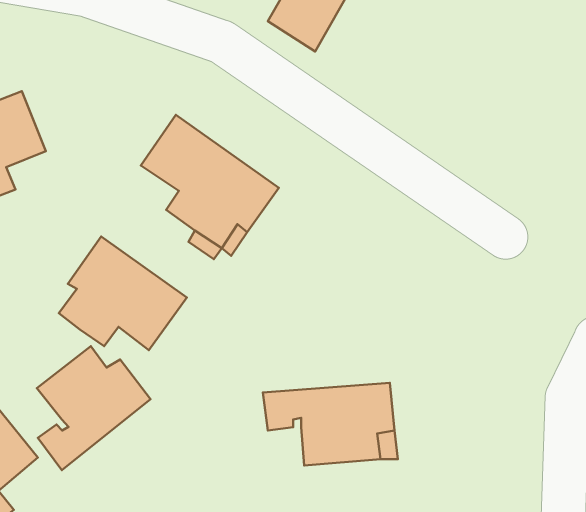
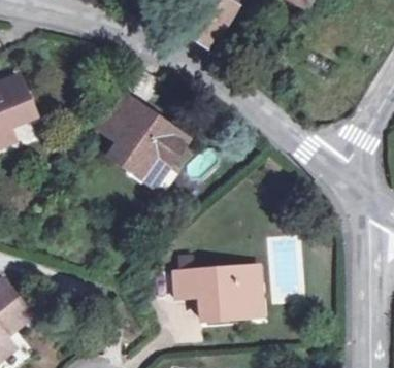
building: [59,237,187,350] -> none
building: [37,346,150,470] -> none

